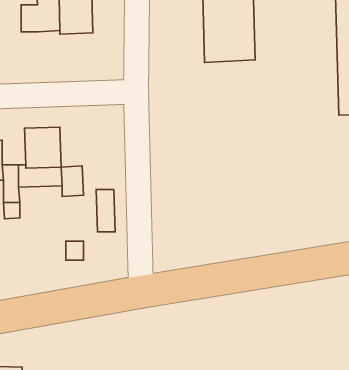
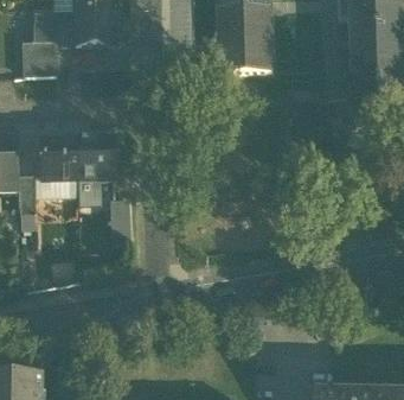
building: none -> [21,39,54,72]
building: none -> [75,134,111,176]

